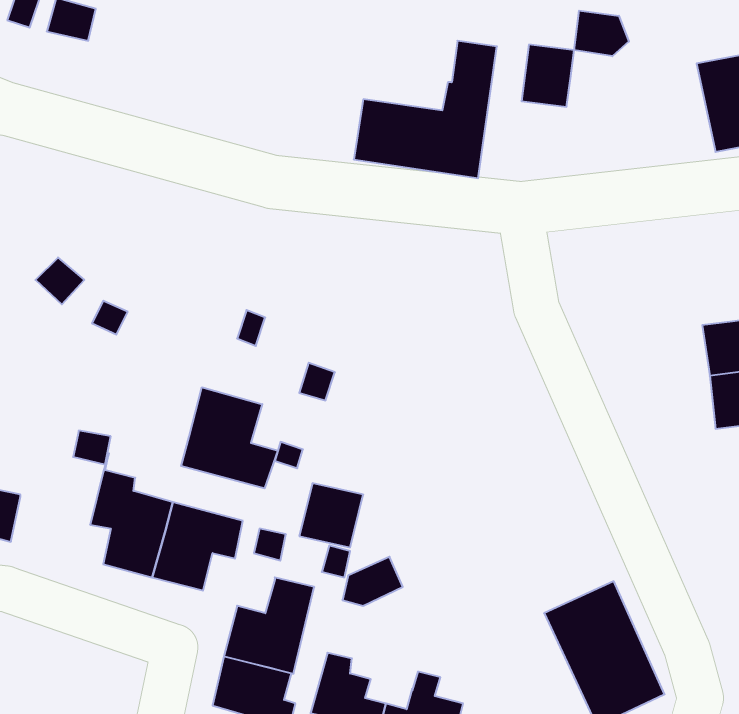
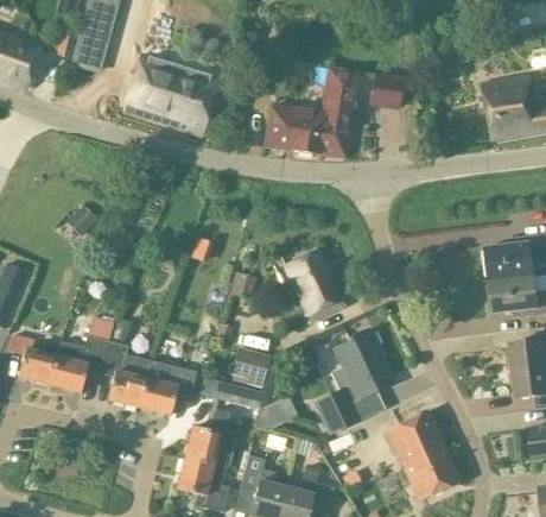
building: [574,11,629,56] -> none
building: none -> [125,51,220,131]
building: none -> [286,250,344,314]
building: [181,387,278,488] -> none
building: none -> [317,328,394,431]
building: none -> [50,334,108,391]

